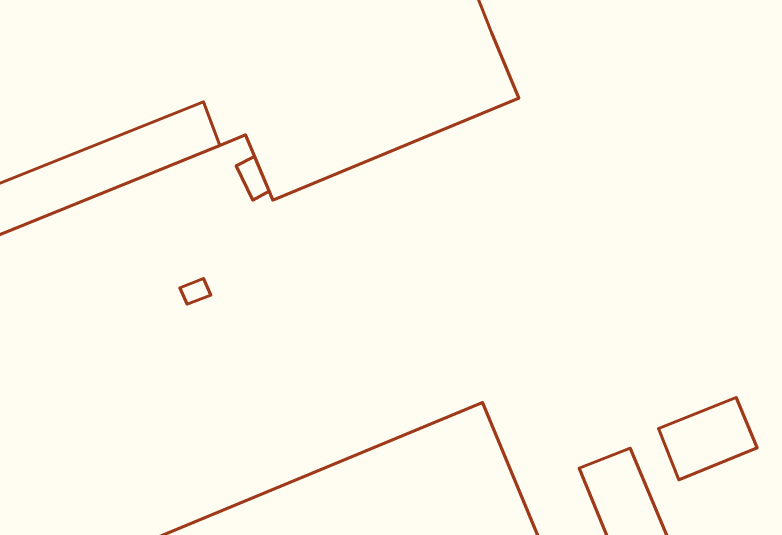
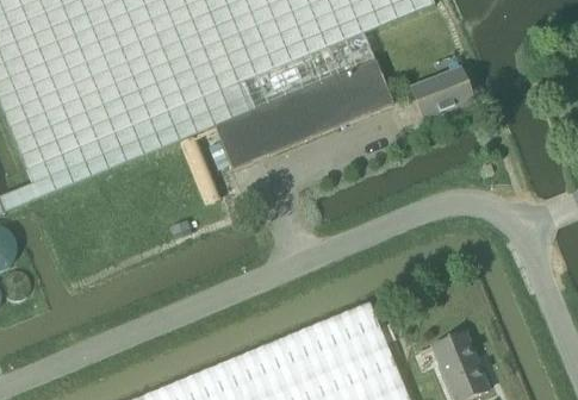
building: none -> [409,68,471,120]
building: [659,398,757,480] -> none

